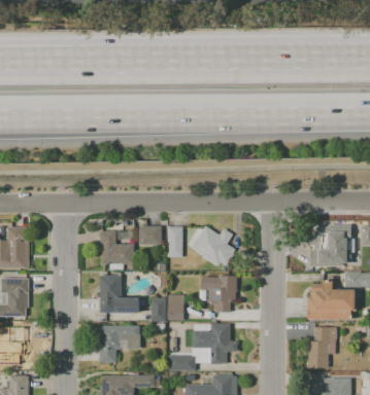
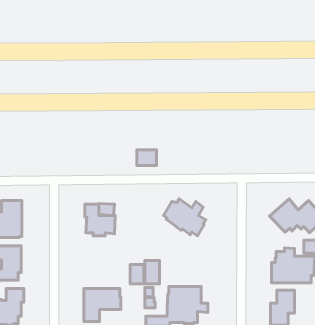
building: [139,226,161,244] -> [137,150,156,165]
building: [167,226,182,257] -> none
building: [99,276,139,313] -> none
building: [202,276,237,313] -> none

